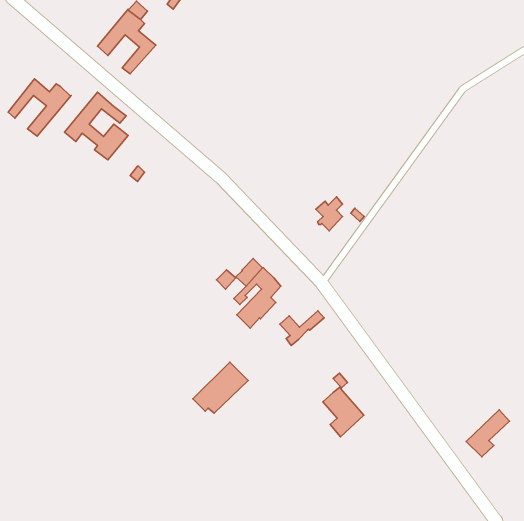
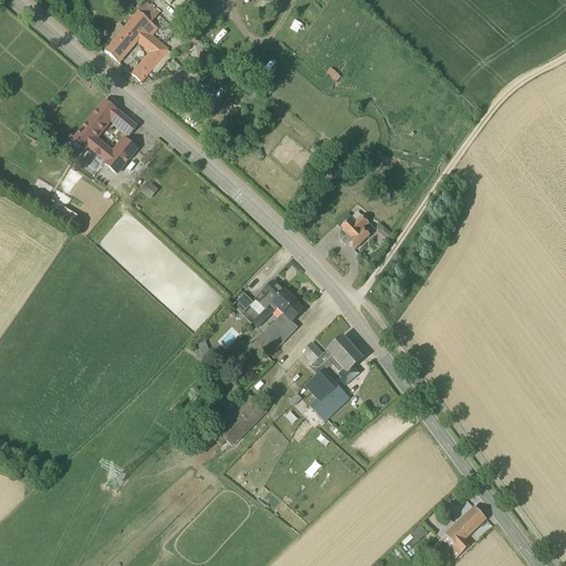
building: [8,79,71,136] -> none
building: none -> [332,343,363,371]
building: [323,386,364,437] -> [303,366,347,420]
building: [466,410,509,457] -> [439,505,485,556]

